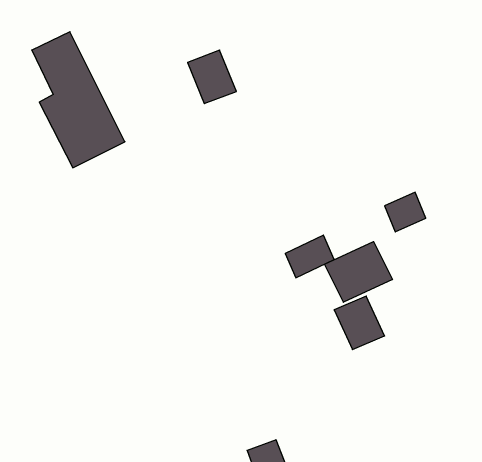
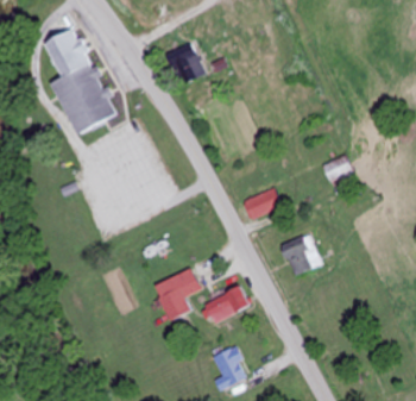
building: [325,242,392,302] -> none
building: none -> [153,268,200,320]
building: none -> [203,287,248,324]

